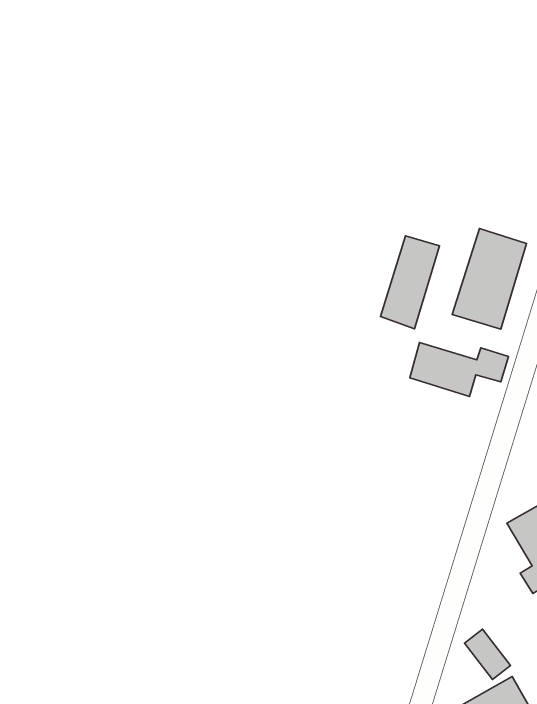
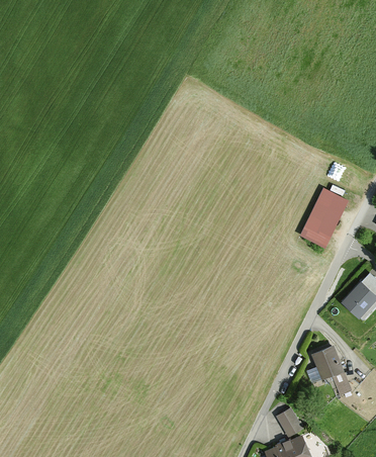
building: [380,236,439,329] -> none
building: [410,342,508,397] -> none

